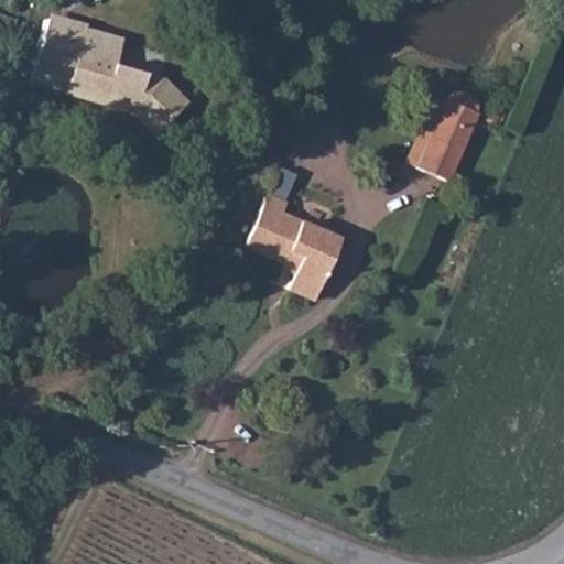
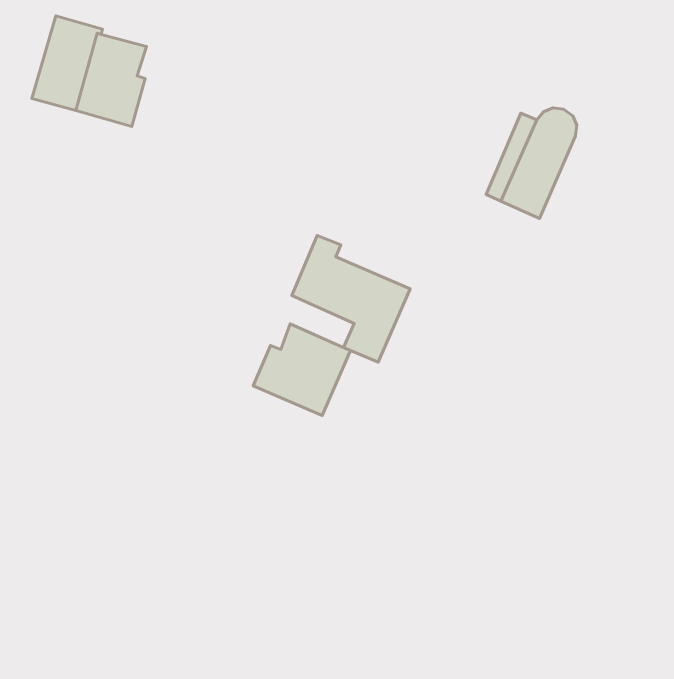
building: [115,65,194,121] -> none
building: none -> [253,324,351,415]

